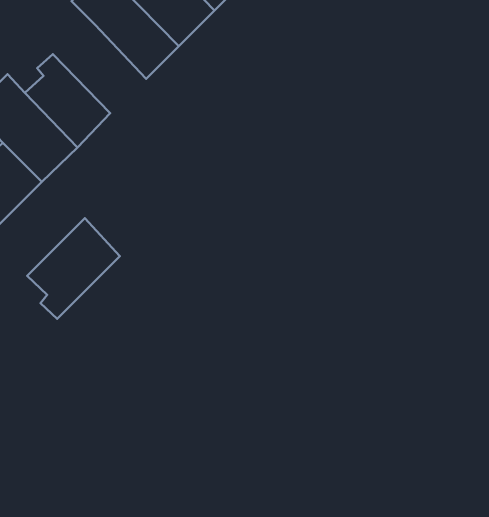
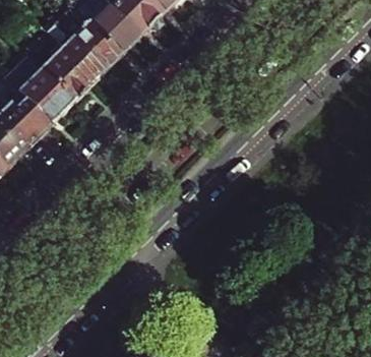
building: none -> [52,28,113,86]
building: [27,218,120,319] -> none

